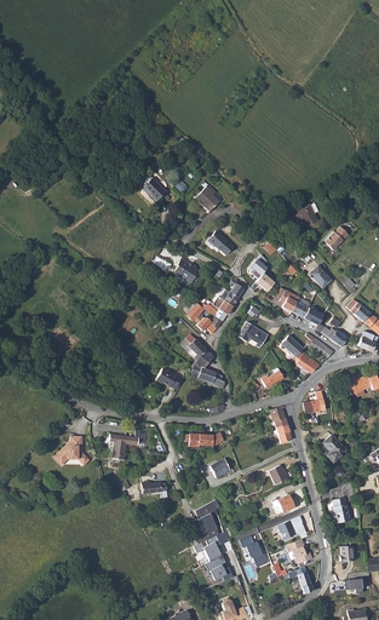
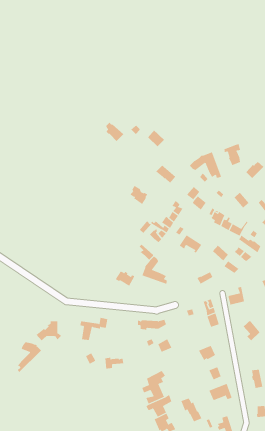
building: none -> [189,152,222,178]
building: none -> [17,341,42,373]

